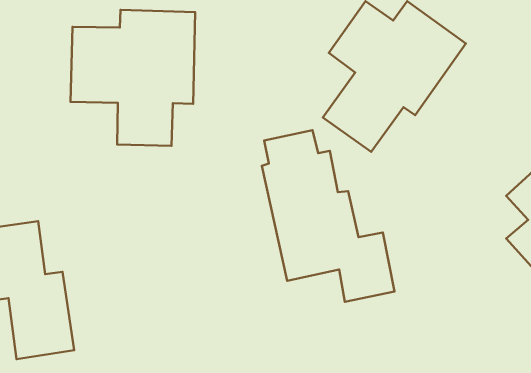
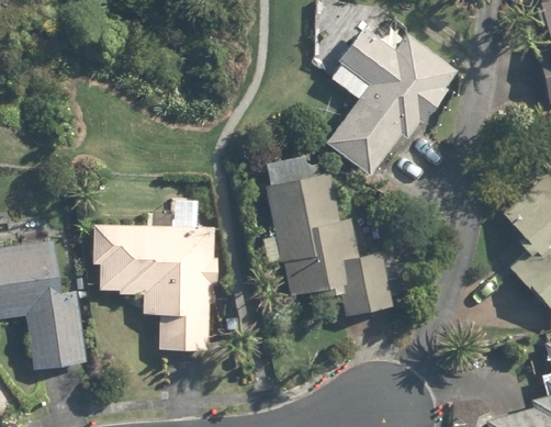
building: [71,10,195,146] -> none
building: none -> [91,200,220,352]

